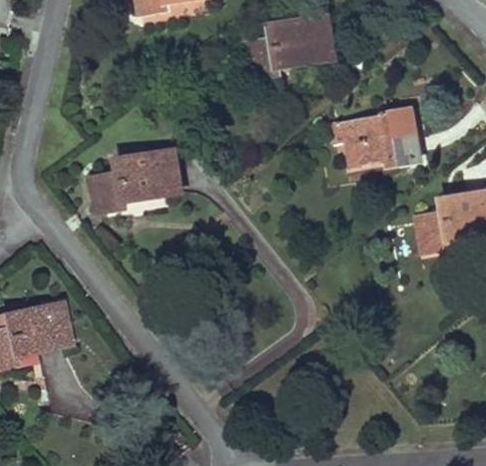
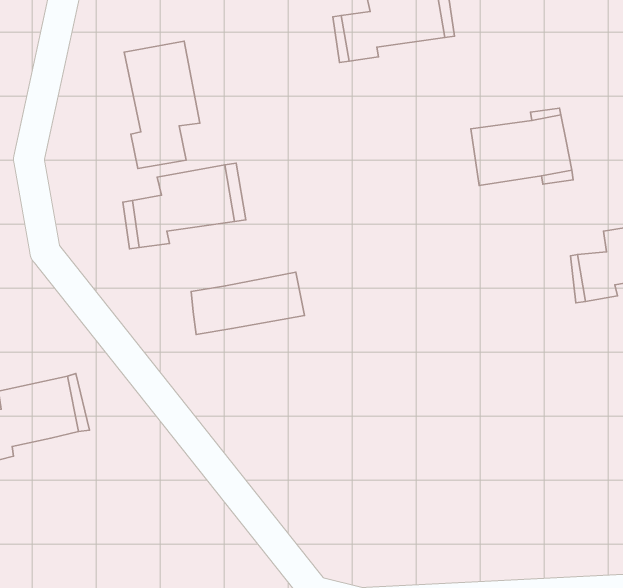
building: none -> [124,41,200,168]
building: none -> [191,272,304,335]

